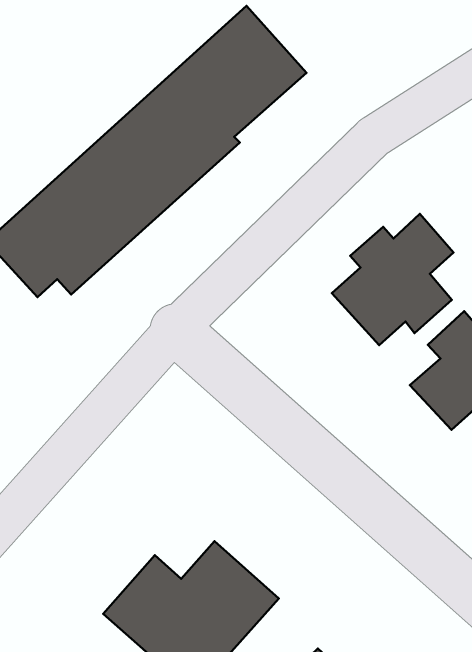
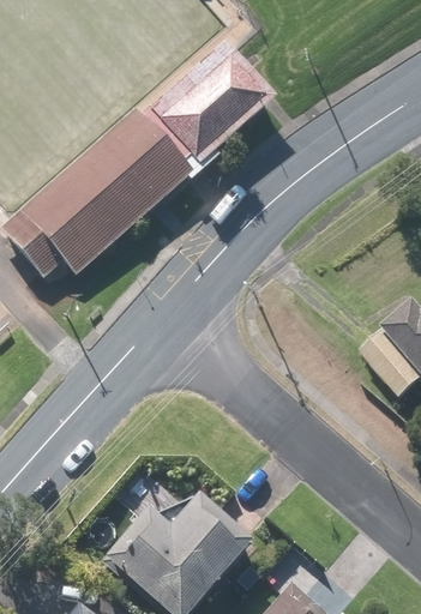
building: [332,214,453,345] -> none

